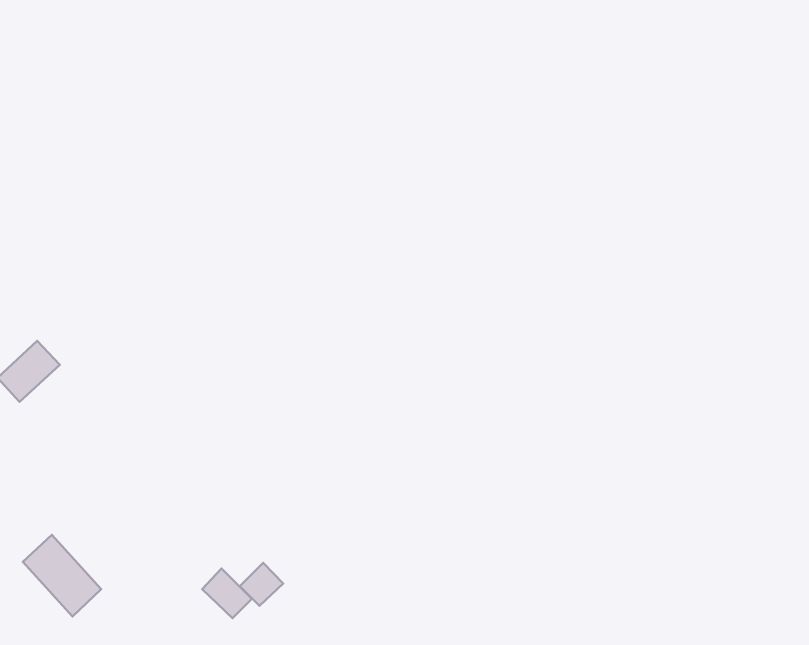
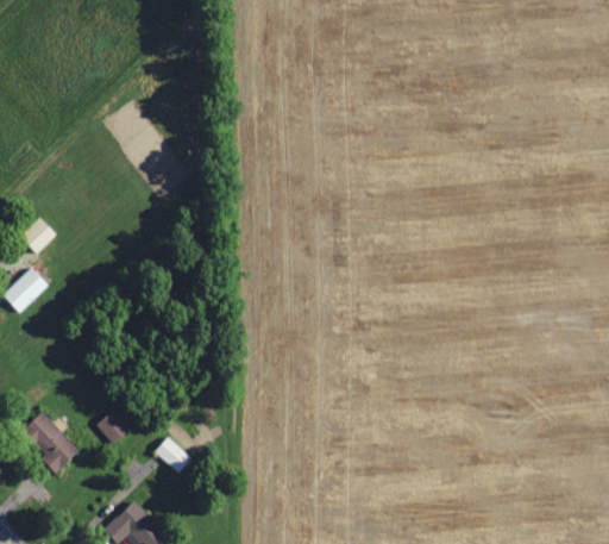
building: none -> [96,411,128,443]
building: [240,563,283,606] -> none

